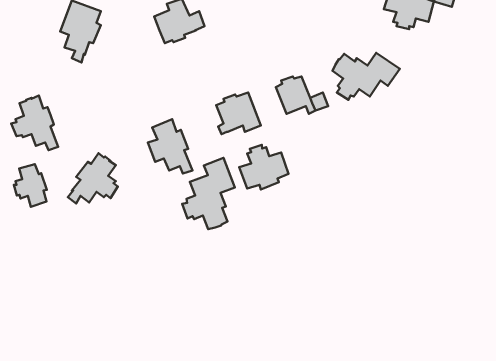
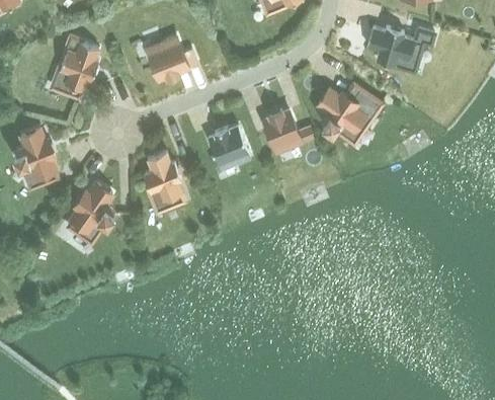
building: [239,145,288,189] -> none
building: [182,158,235,229] -> none
building: [14,164,47,207] -> none

